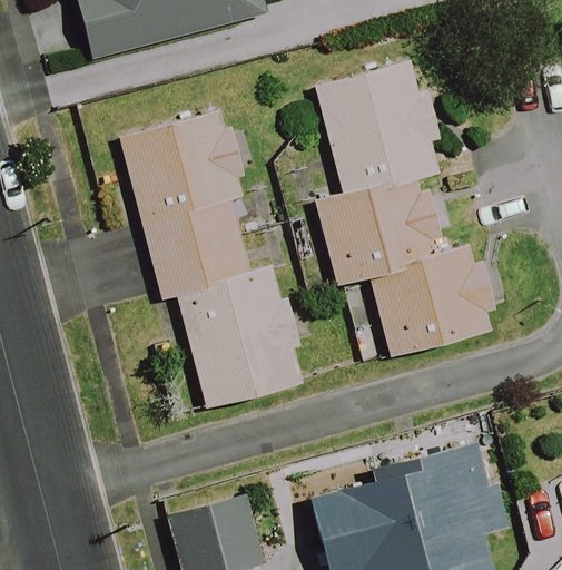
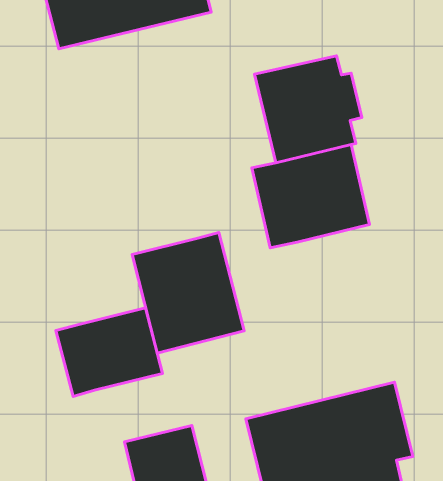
building: [122,114,253,299] -> none
building: [351,256,495,368] -> none
building: none -> [56,308,163,396]

